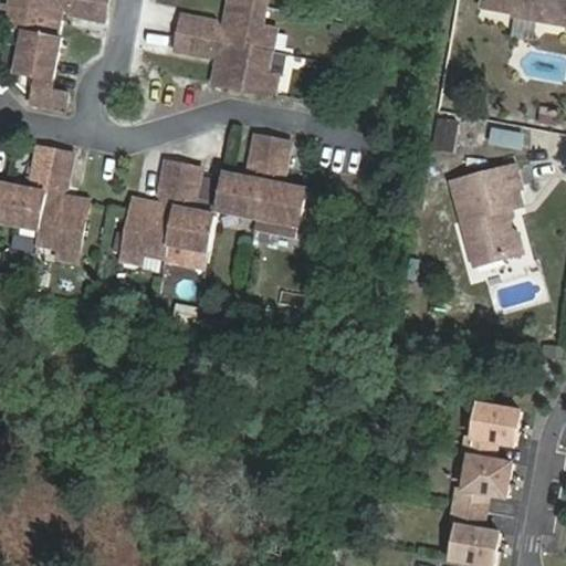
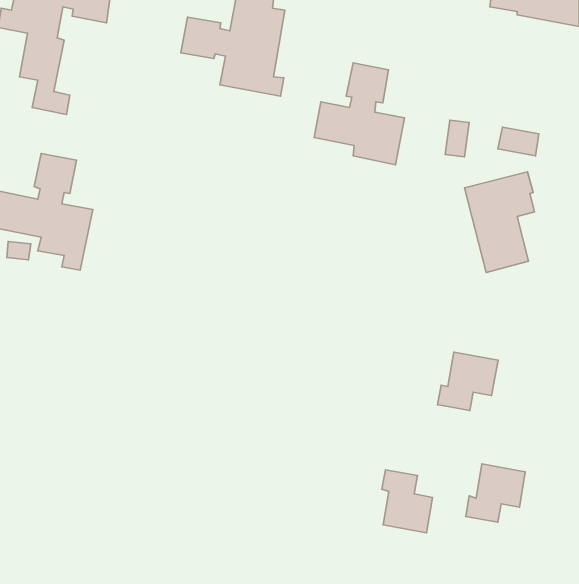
building: [217,135,304,233] -> [314,63,405,165]
building: [123,161,214,262] -> none
building: [459,396,517,452] -> [438,352,498,410]
building: [447,499,495,559] -> [382,470,432,533]

